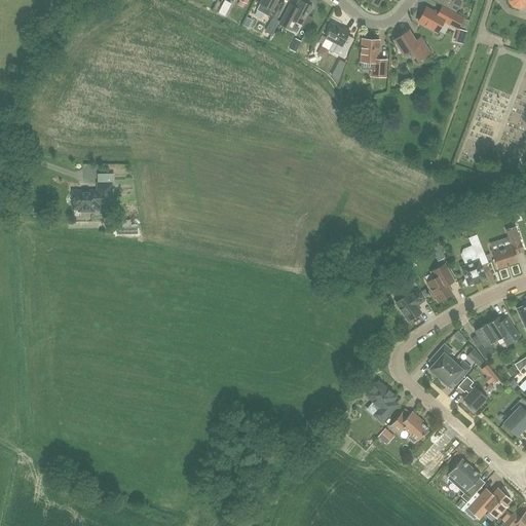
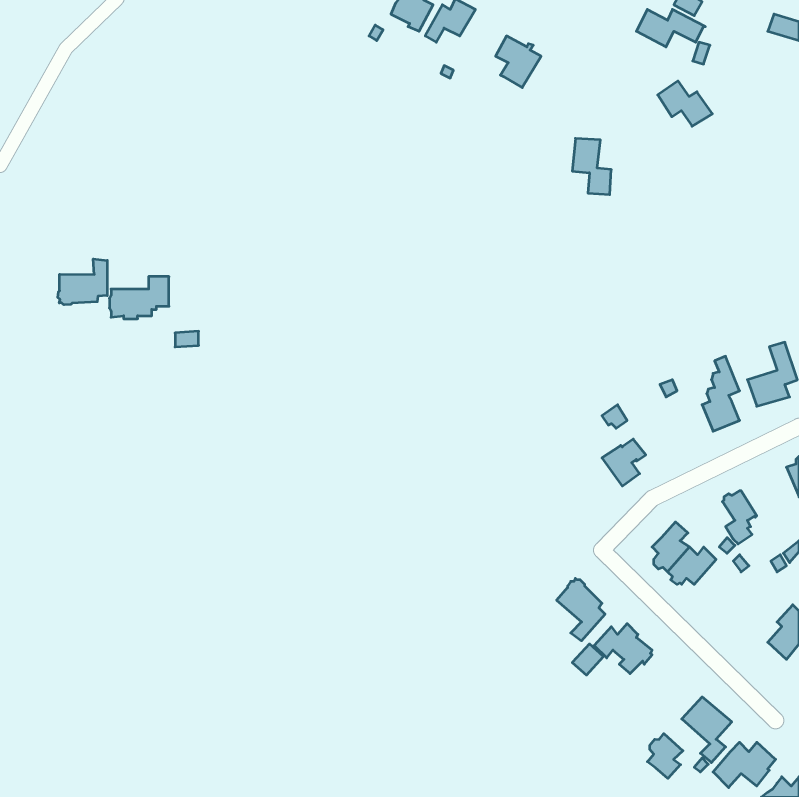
building: [394,30,430,60] -> [658,81,712,126]
building: [361,39,386,76] -> [572,138,611,195]
building: none -> [58,259,107,305]
building: [427,263,454,301] -> none
building: [487,316,519,344] -> none
building: [457,376,487,410] -> none
building: none -> [647,734,683,778]

